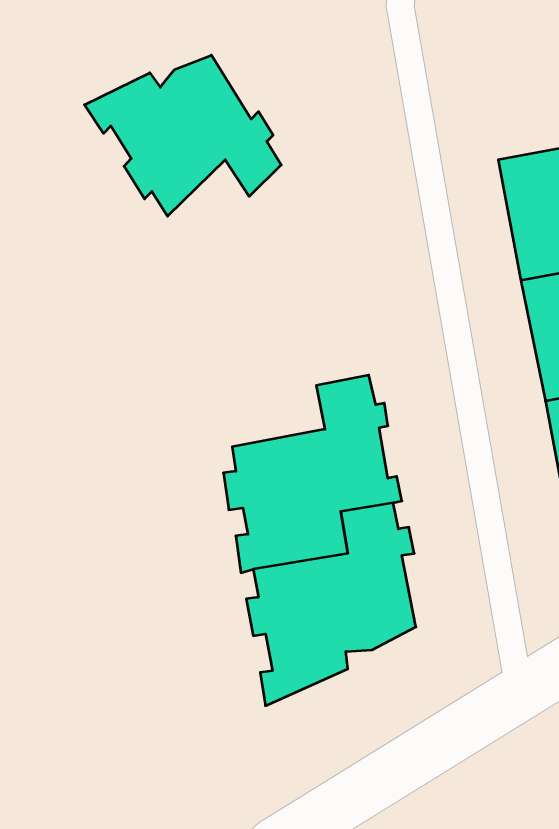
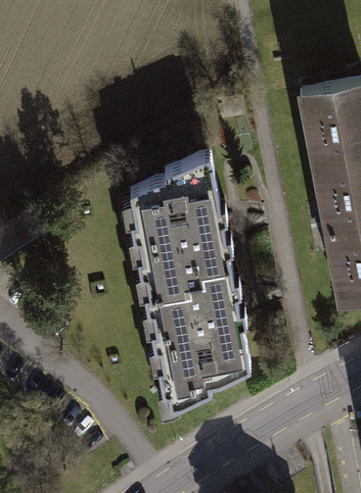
building: [84,55,281,216] -> none
building: none -> [124,153,228,263]

